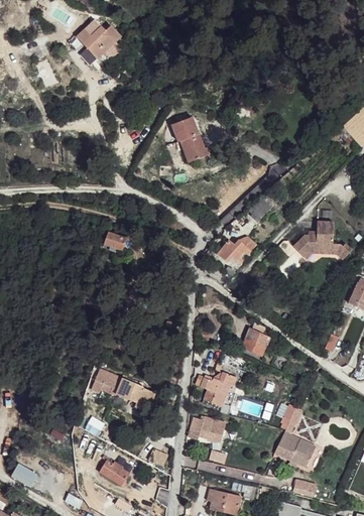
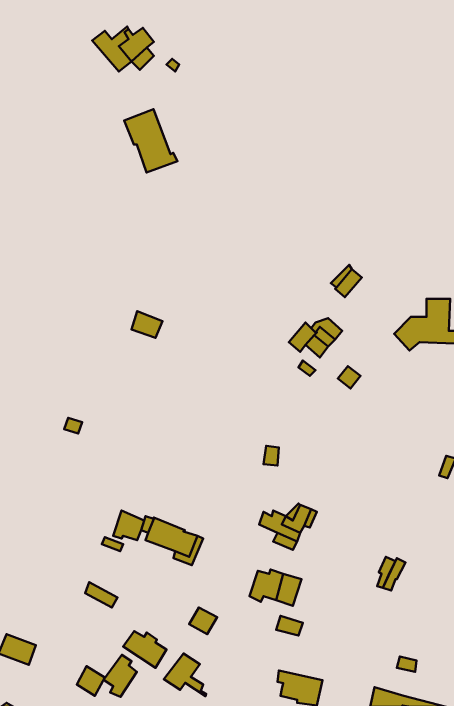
building: [170,117,209,162] -> [124,109,177,172]
building: [242,322,269,356] -> none
building: [274,431,315,468] -> none
building: none -> [164,653,206,696]
building: none -> [104,655,137,697]

